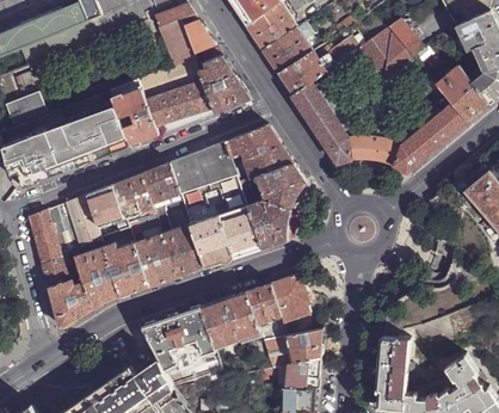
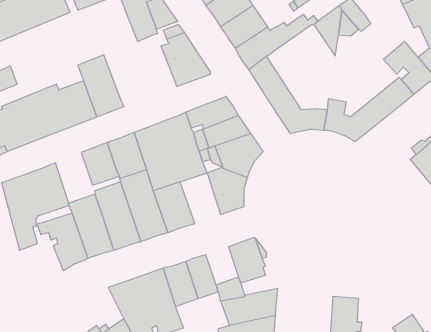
building: [137,57,215,127] -> none
building: [86,184,128,238] -> none
building: [218,205,261,259] -> none
building: [48,276,94,327] -> none
building: [246,284,281,325] -> none

